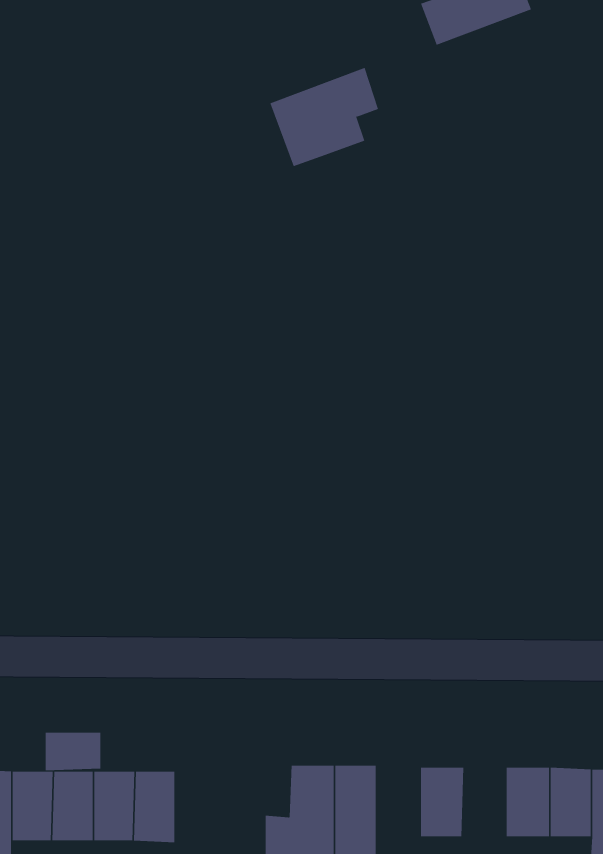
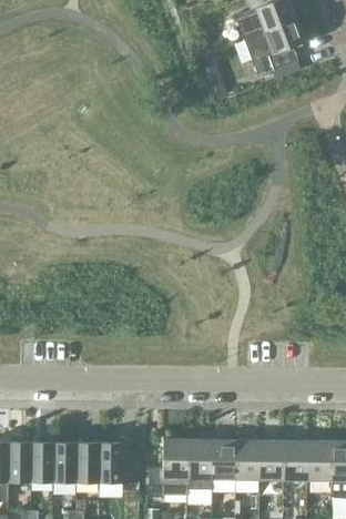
building: [269,67,379,167] -> [244,19,305,74]
building: [45,732,101,771] -> none
building: none -> [211,439,235,479]
building: none -> [258,440,283,479]
building: none -> [99,442,135,482]

